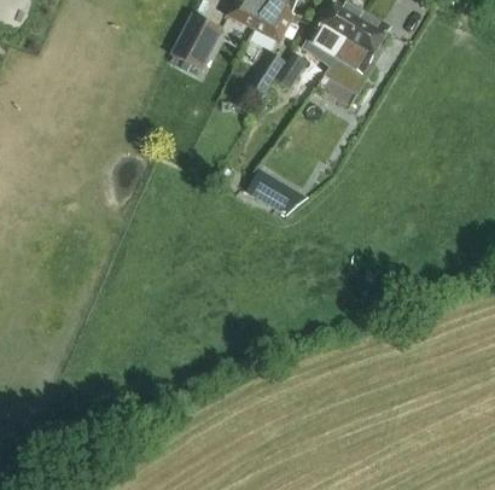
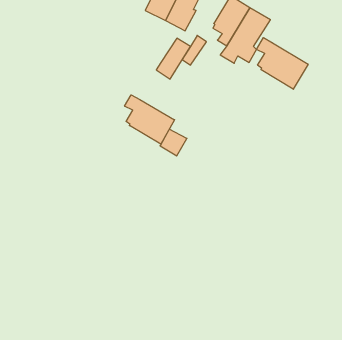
building: [169,13,221,69] -> none
building: none -> [256,38,308,89]
building: none -> [125,95,175,144]

